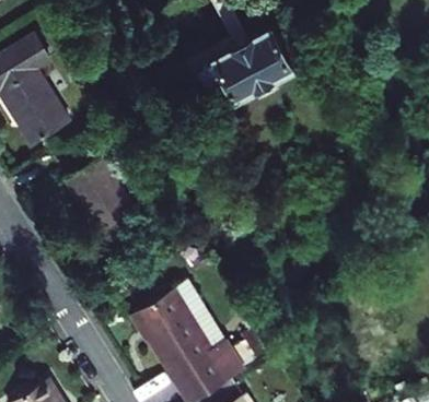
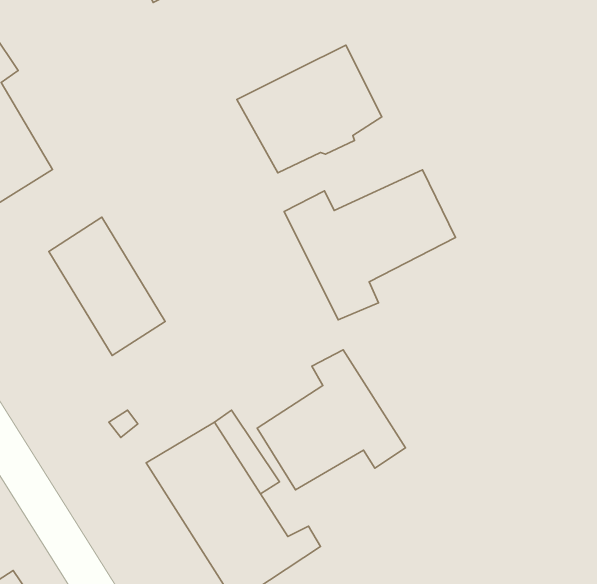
building: none -> [284,170,455,320]
building: none -> [257,350,405,490]

